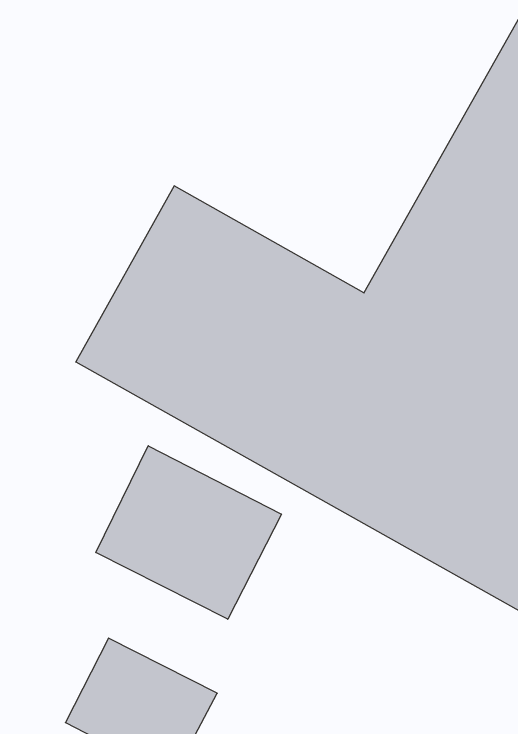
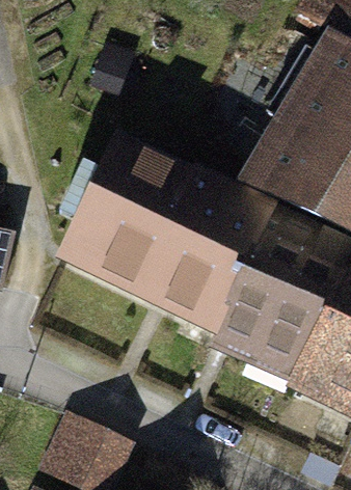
building: [96,446,281,619] -> none

